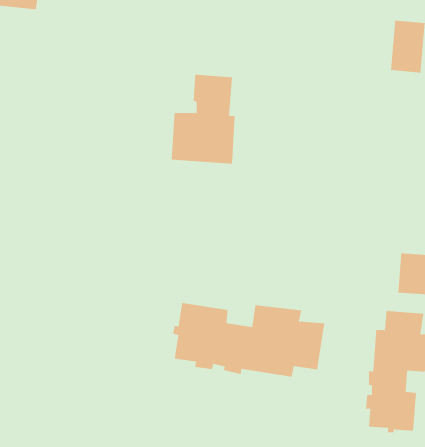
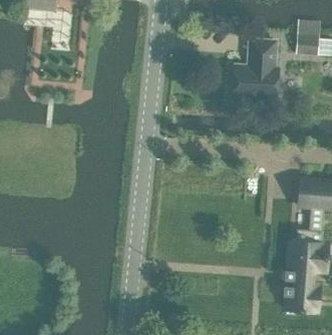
building: [171,74,236,164] -> [235,40,279,101]
building: [173,302,325,377] -> none

